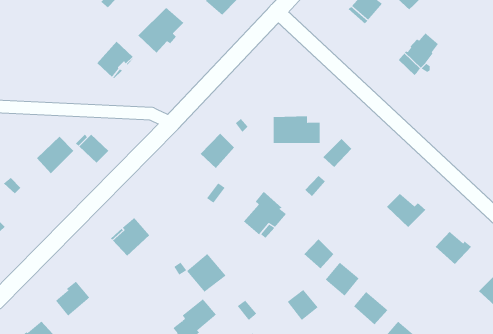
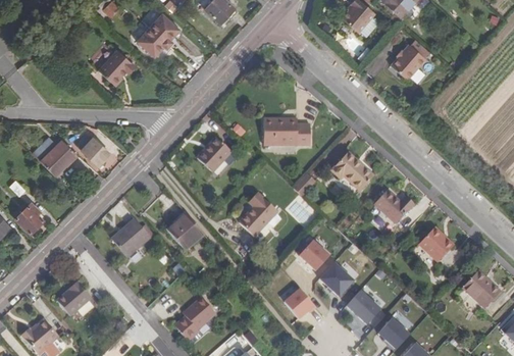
building: none -> [336,155,377,194]
building: none -> [14,202,43,234]
building: [186,253,226,292] -> [166,212,205,250]

